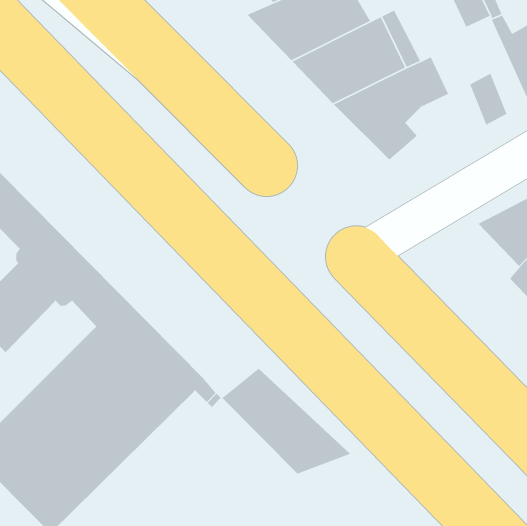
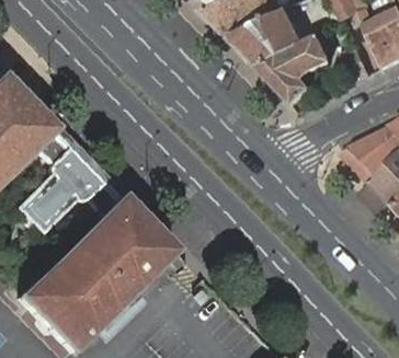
building: [222,368,351,474] -> none

